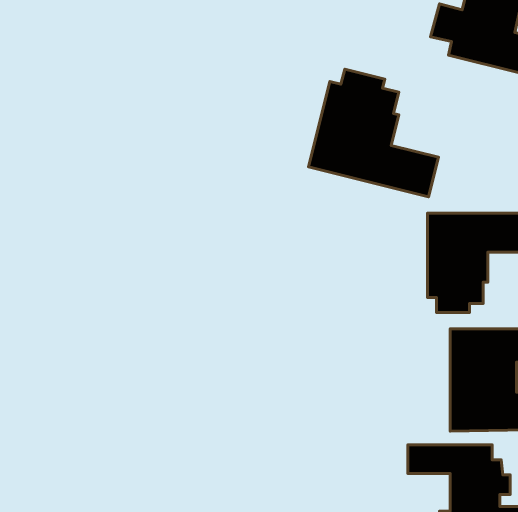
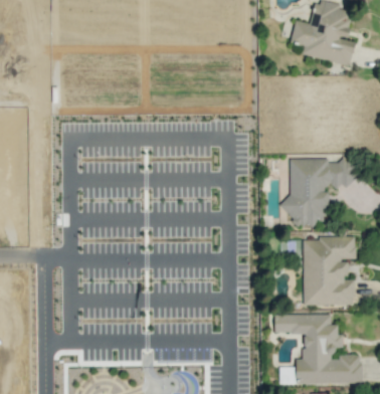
building: [309,69,439,197] -> none

